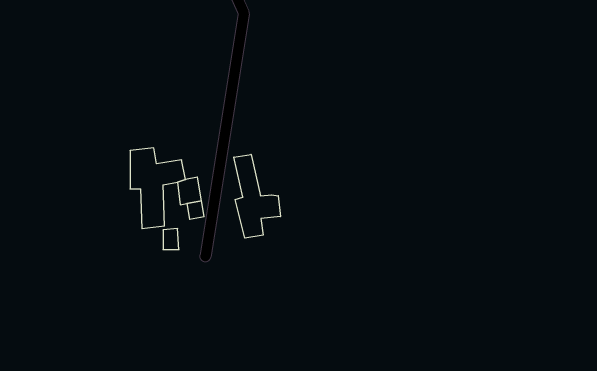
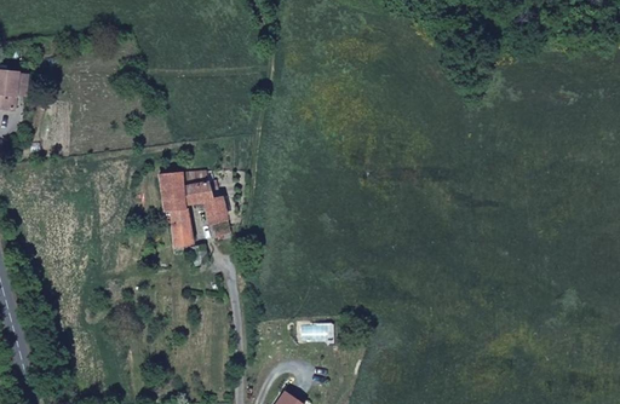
building: [234,154,280,238] -> none

